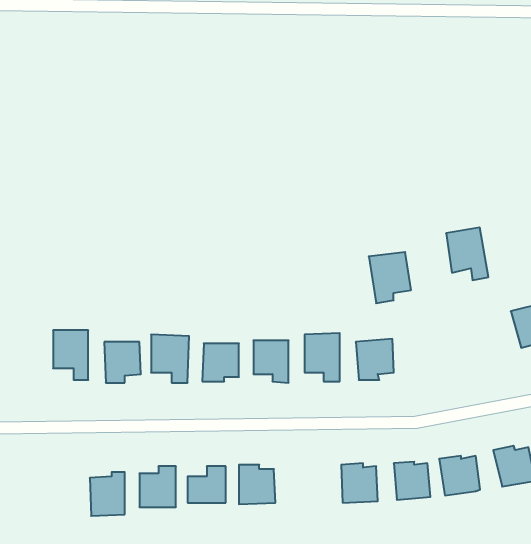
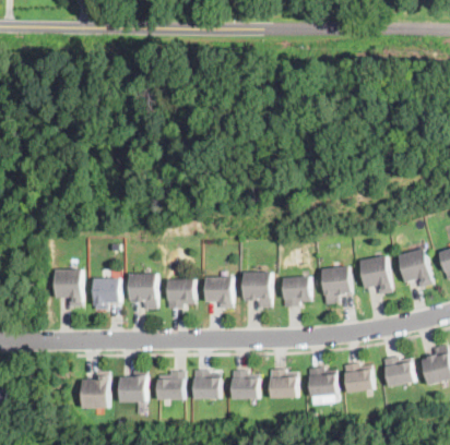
building: [446,227,488,280] -> [358,255,390,294]
building: [369,252,411,303] -> [319,266,351,304]
building: none -> [233,371,259,398]

